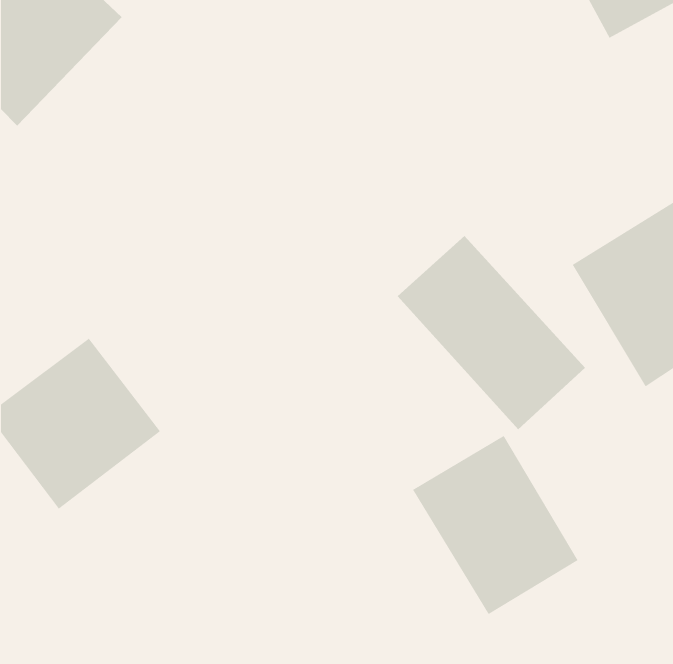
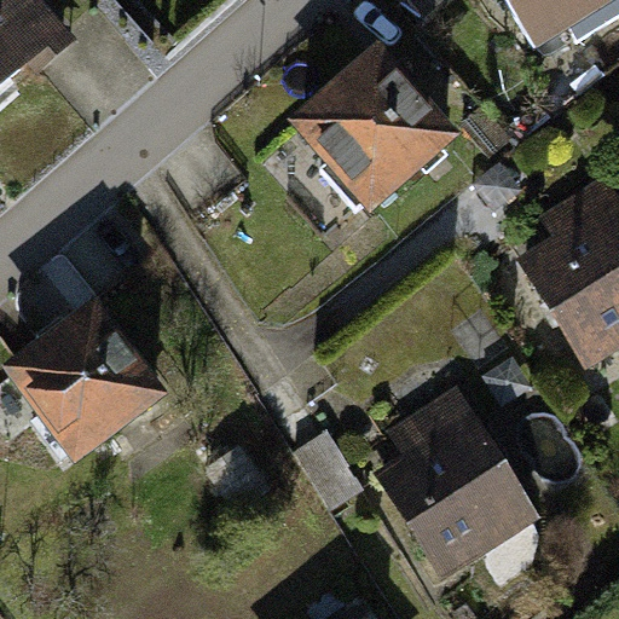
building: none -> [277,37,456,216]
building: [397,235,586,430] -> none

